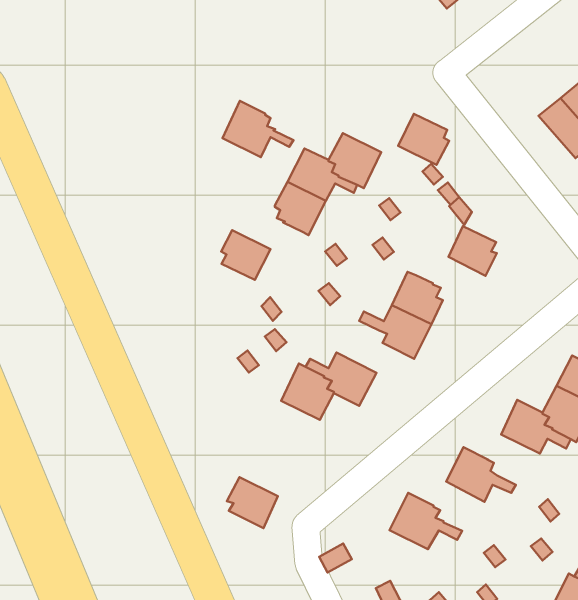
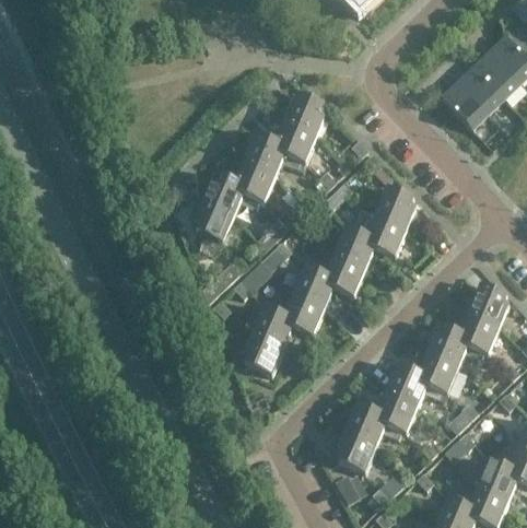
building: [222,101,294,157] -> [201,173,258,216]
building: [398,114,449,165] -> [284,94,325,133]
building: none -> [350,211,406,257]
building: none -> [291,267,332,309]
building: none -> [417,352,458,394]
building: [227,477,278,528] -> [241,337,281,376]
building: none -> [376,392,417,433]
building: none -> [335,434,374,473]

